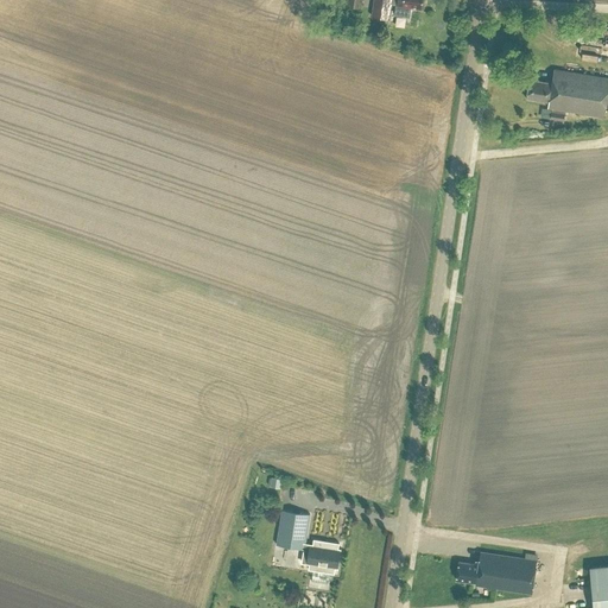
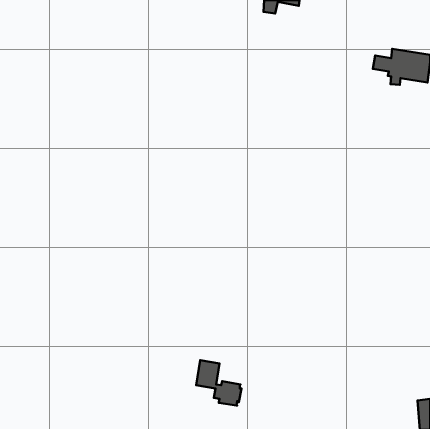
building: [456,552,537,594] -> none

